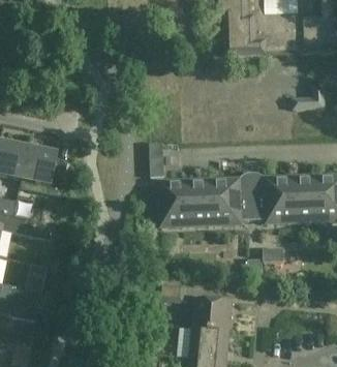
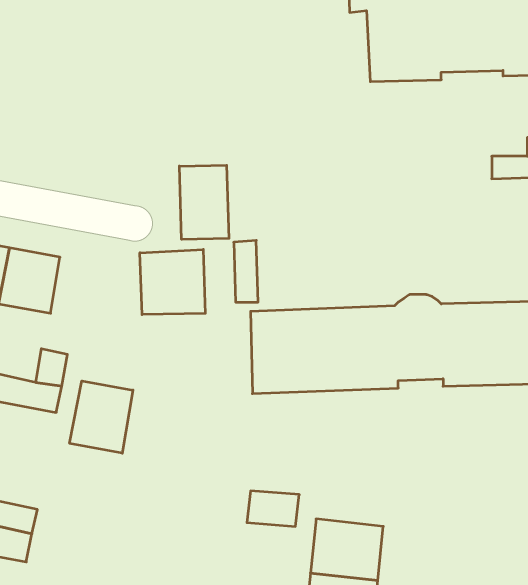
building: none -> [179,165,229,239]
building: none -> [140,249,205,315]
building: none -> [70,381,133,453]

